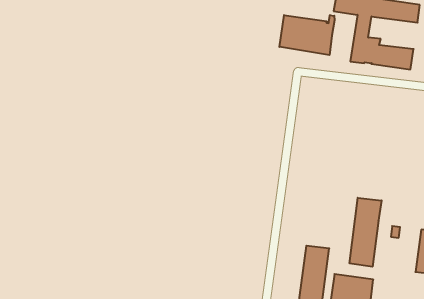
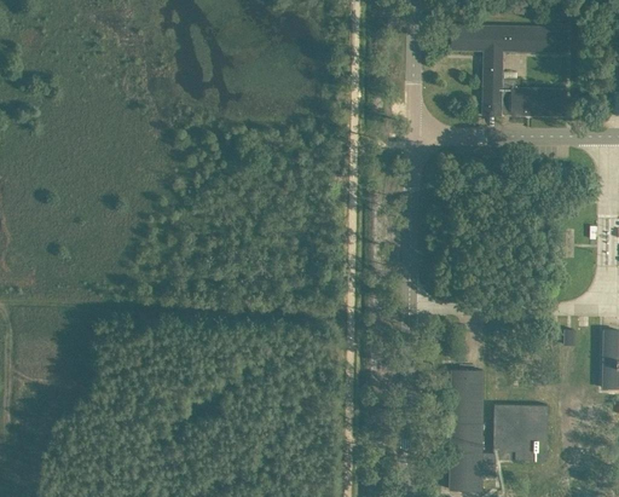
building: [279,15,335,55] -> none
building: [350,198,382,267] -> none

